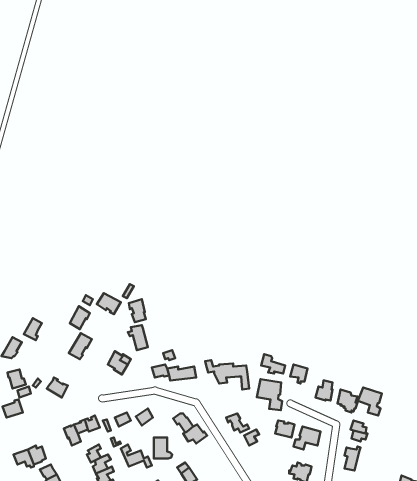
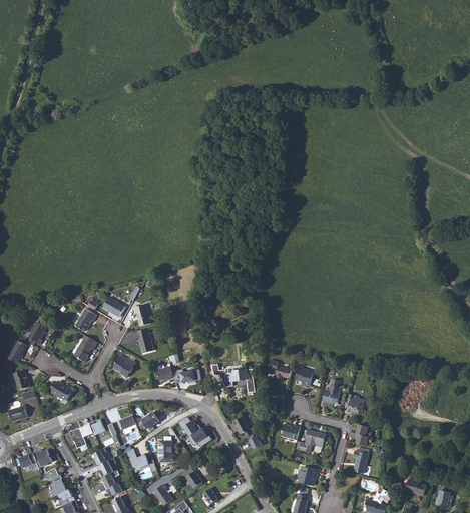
building: [257,379,282,410] -> none
building: [358,387,382,416] -> none

